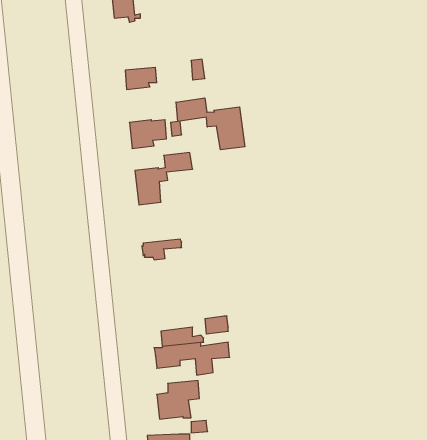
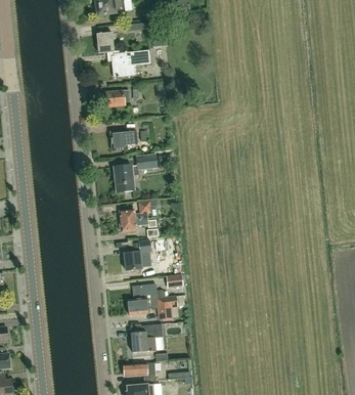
building: none -> [109,50,150,78]
building: [176,98,245,150] -> none
building: none -> [118,201,160,221]
building: none -> [124,240,151,269]

